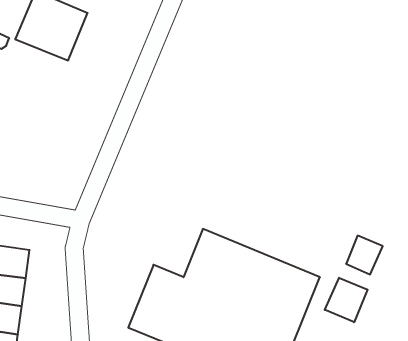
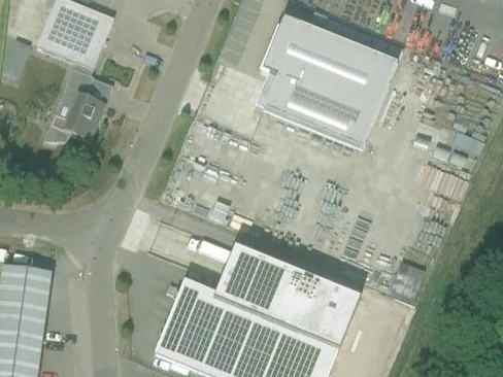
building: none -> [261,15,397,146]
building: none -> [43,65,105,139]
building: [325,278,368,322] -> none

